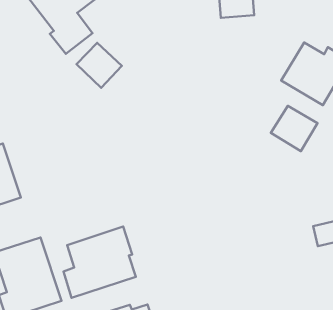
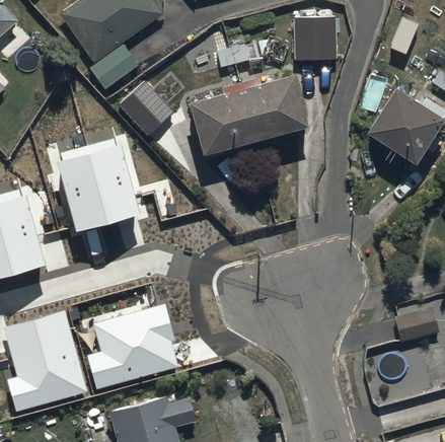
building: none -> [189,79,306,156]
building: none -> [60,145,138,228]
building: [271,106,317,151] -> none

